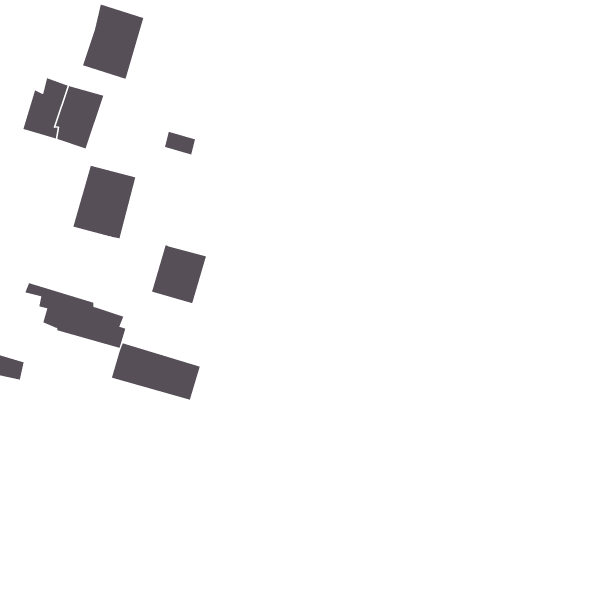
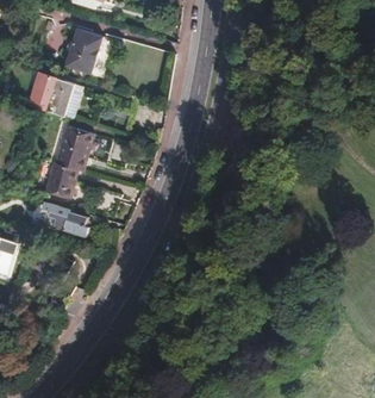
building: [151,244,207,304] -> [46,162,80,198]
building: [111,343,200,401] -> none

